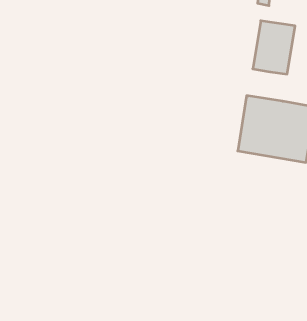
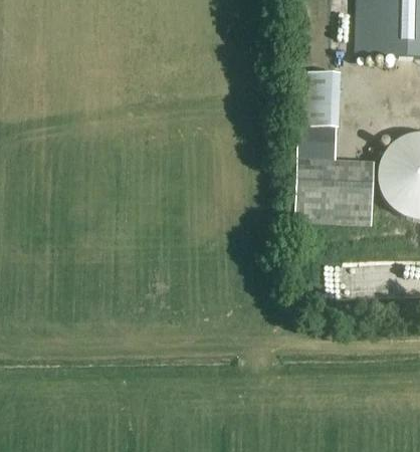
building: none -> [296,127,337,159]

